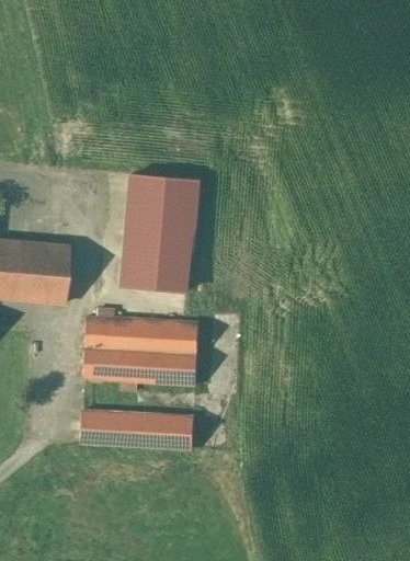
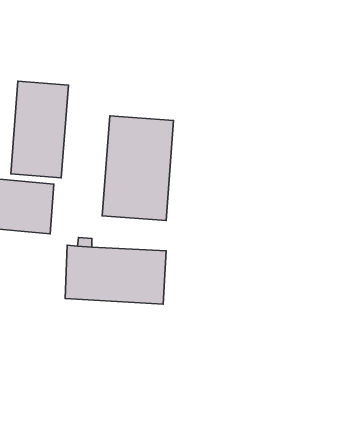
building: none -> [11,81,68,178]
building: [77,410,192,448] -> none

